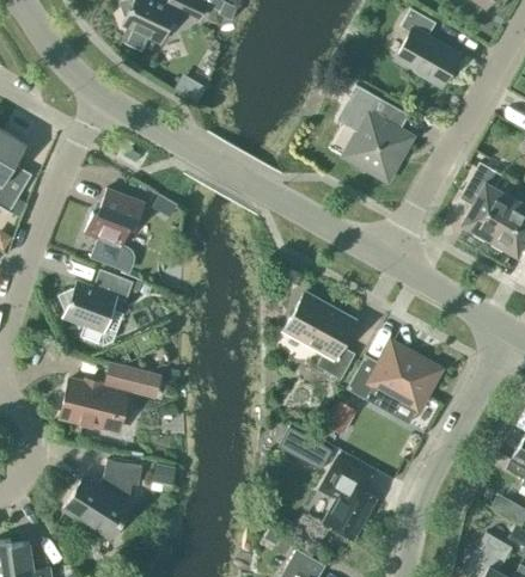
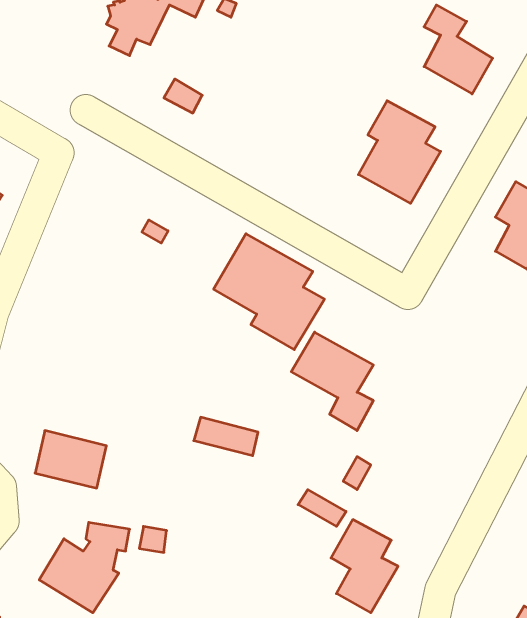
building: [84,189,145,272] -> none
building: none -> [214,234,324,350]
building: [62,271,132,332] -> none
building: [347,343,440,410] -> none
building: [103,363,159,397] -> [194,417,258,456]

